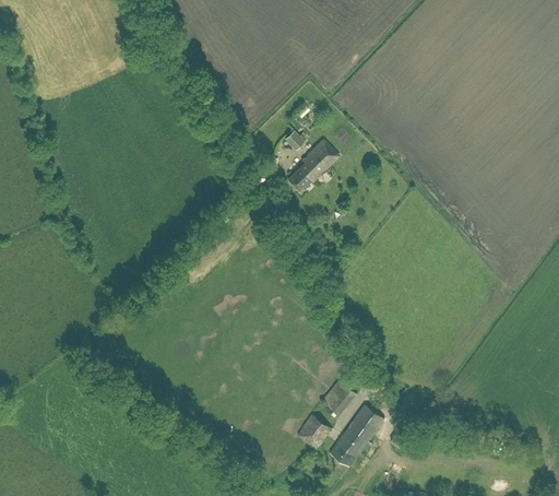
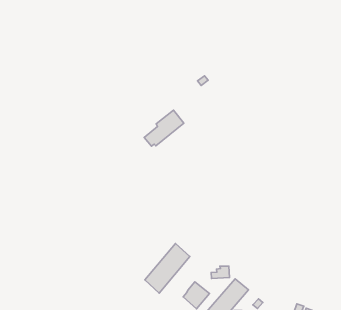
building: [286,140,337,191] -> [144,110,184,146]
building: none -> [145,244,190,293]

